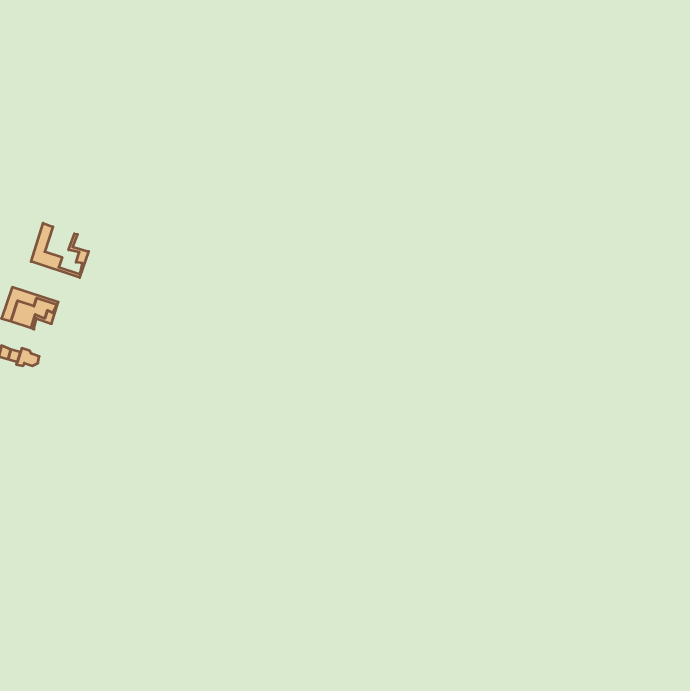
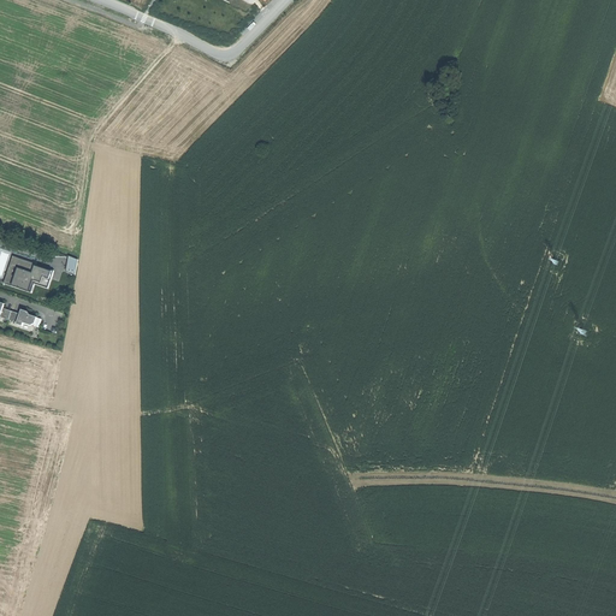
building: [31,223,89,278] -> none

